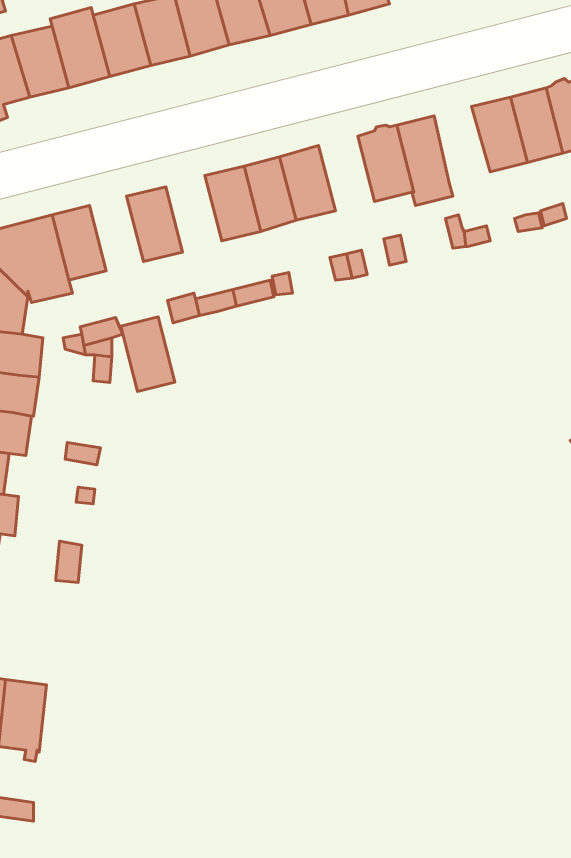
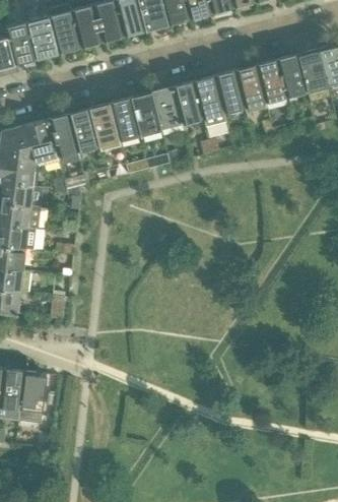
building: none -> [256,61,286,103]
building: none -> [193,77,226,129]
building: none -> [110,99,140,140]
building: [121,317,175,391] -> [68,110,97,150]

